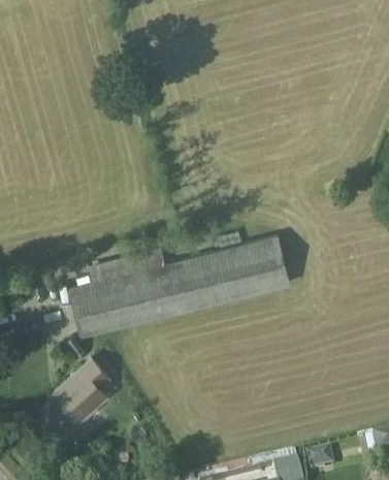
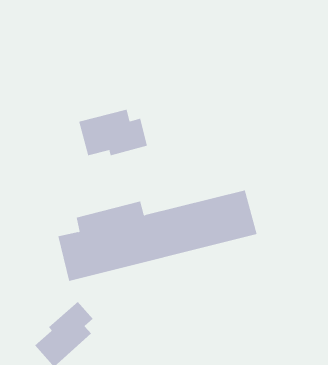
building: none -> [79,109,148,156]

